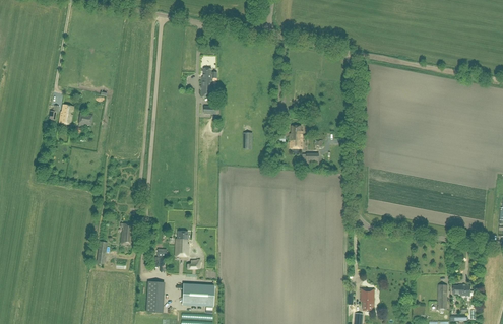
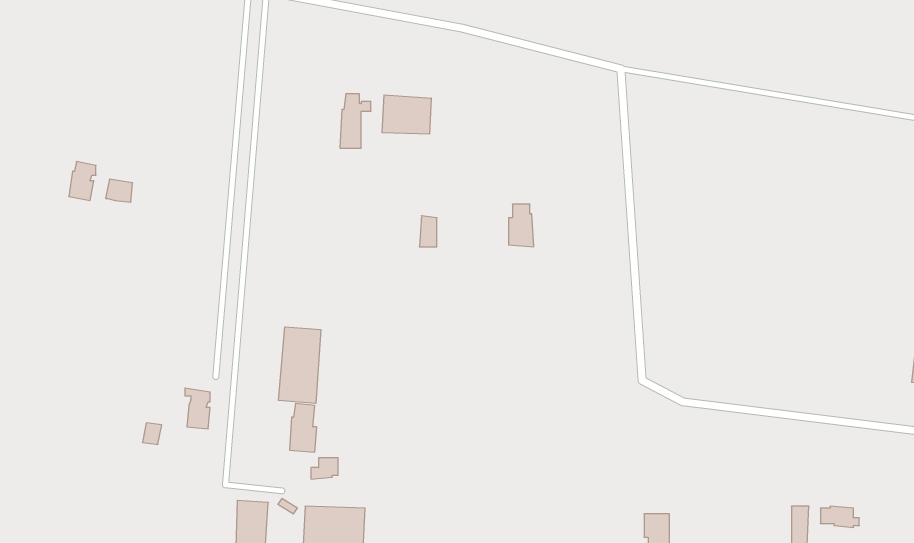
building: none -> [382,95,431,134]
building: none -> [278,327,321,403]

